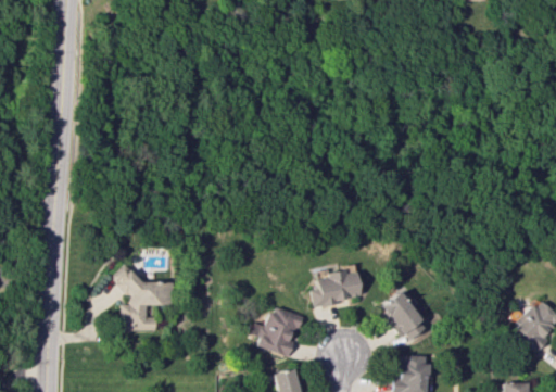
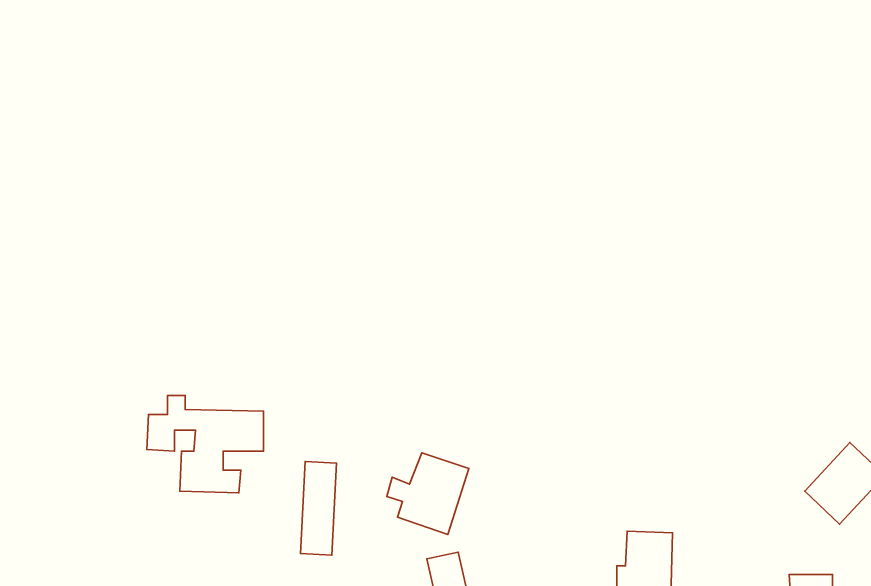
building: [311,269,361,305] -> none
building: [378,291,426,339] -> none
building: none -> [300,462,336,555]

